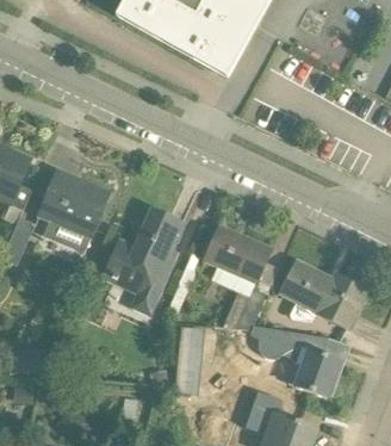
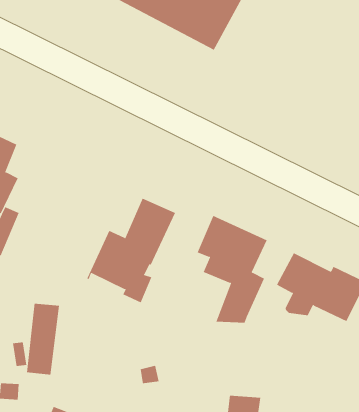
building: [38,169,111,249] -> none
building: [252,323,342,397] -> none
building: [174,326,206,395] -> [26,303,60,375]

